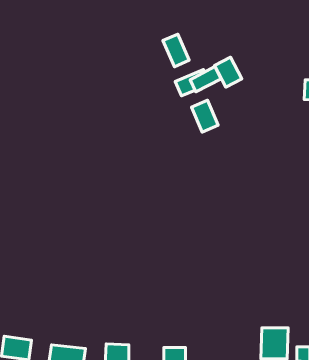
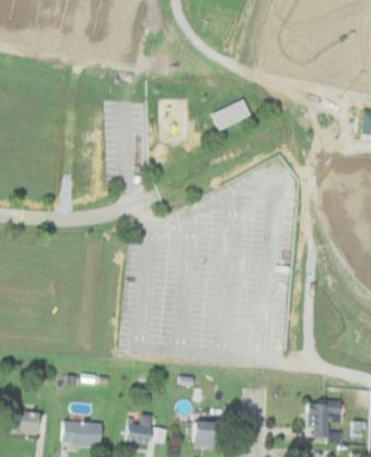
building: [163,34,189,67] -> none
building: [214,57,242,87] -> none
building: [191,100,218,132] -> none

